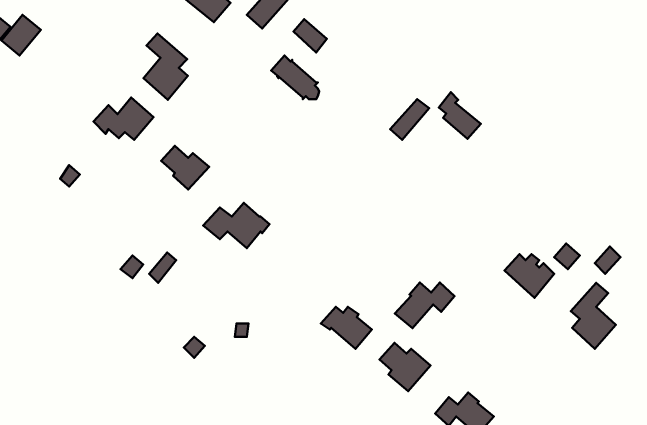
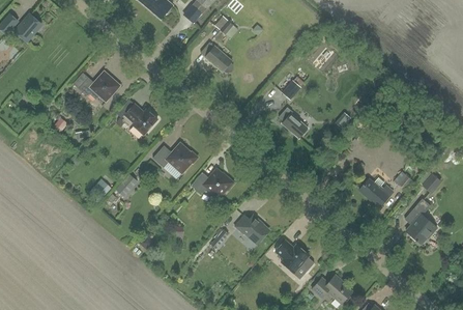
building: [143,33,188,100] -> none
building: [439,92,481,139] -> [278,106,307,138]
building: none -> [191,168,235,199]
building: [395,282,455,328] -> none

